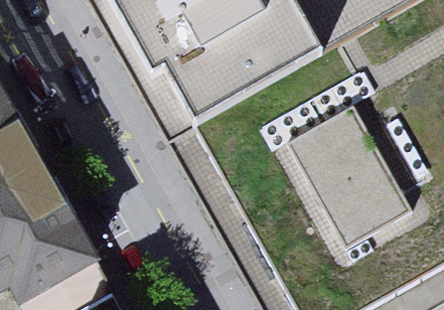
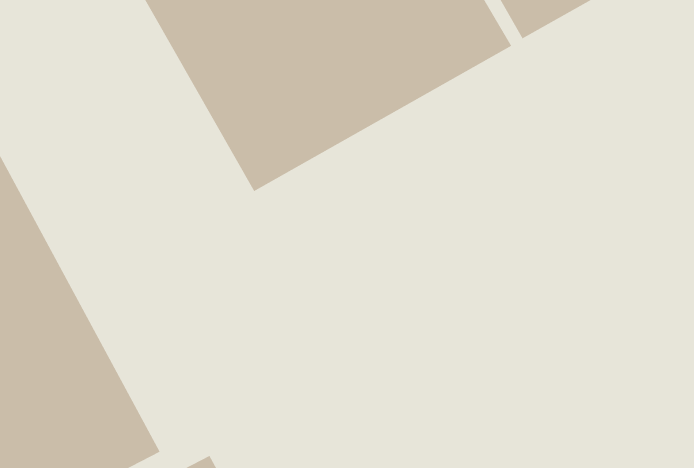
building: [287,103,408,241] -> none

